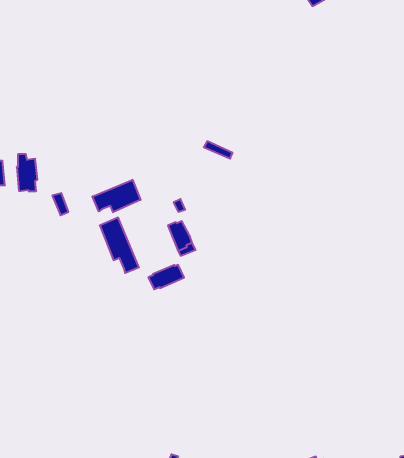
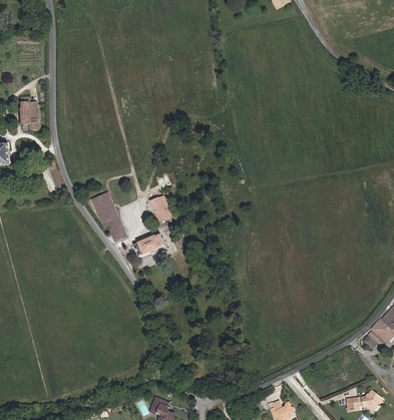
building: [17,154,37,191] -> [21,97,39,129]
building: [92,180,141,212] -> none

